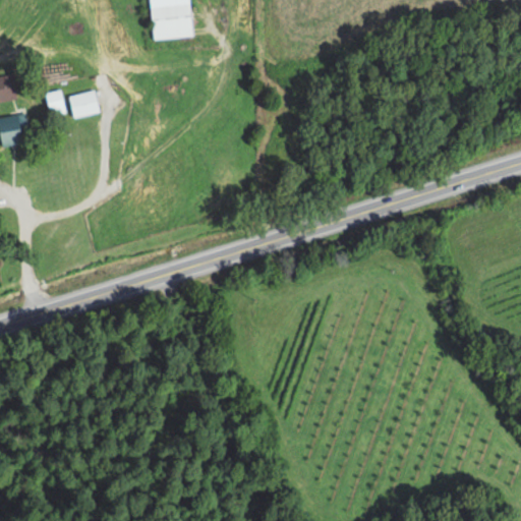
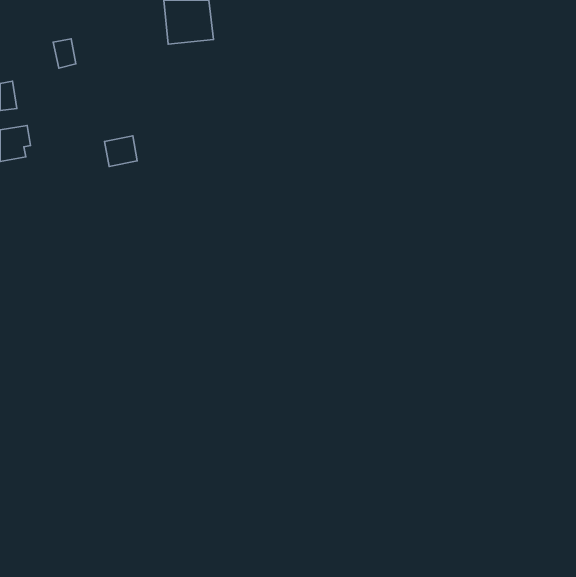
building: [45,90,65,116] -> [53,39,76,68]
building: [69,91,99,118] -> [104,136,137,166]

